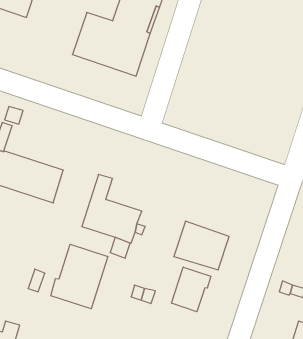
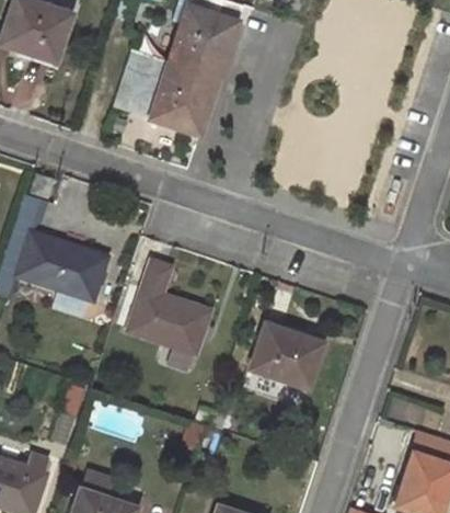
building: [51,244,108,309] -> none
building: [172,267,211,312] -> none

